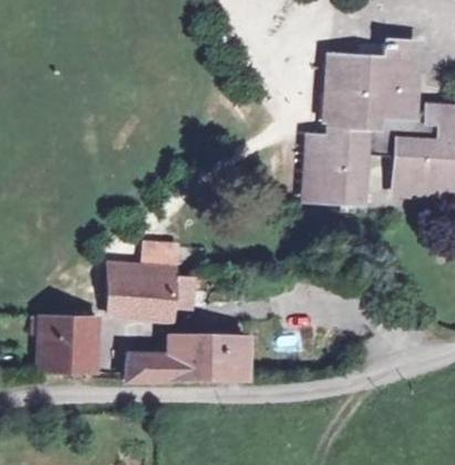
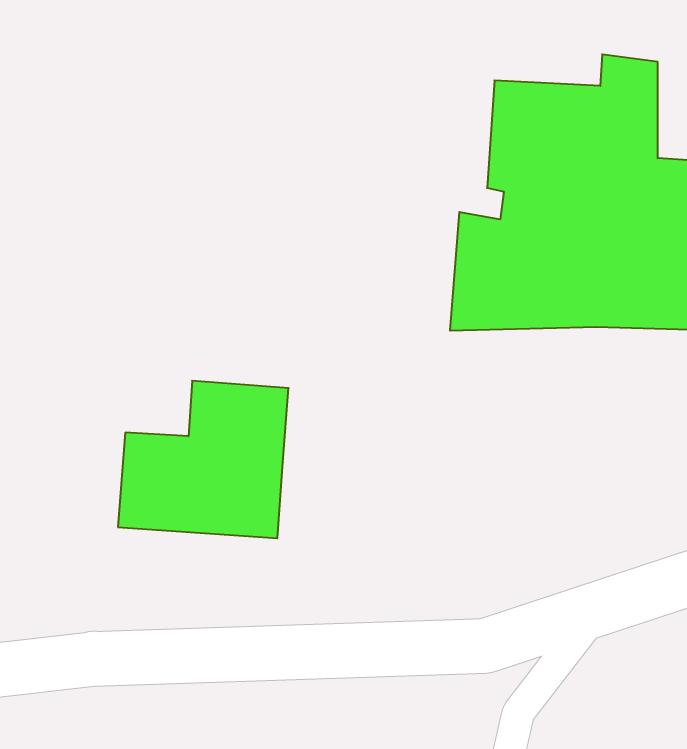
building: [36,316,105,370] -> none
building: [128,333,254,385] -> none

